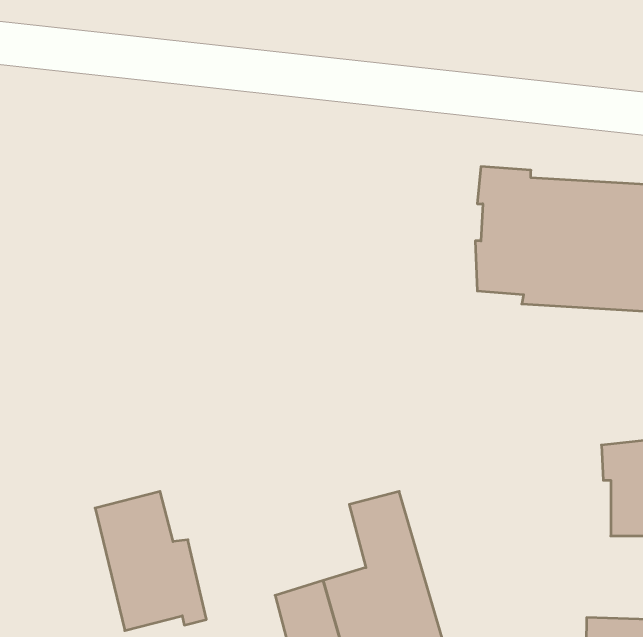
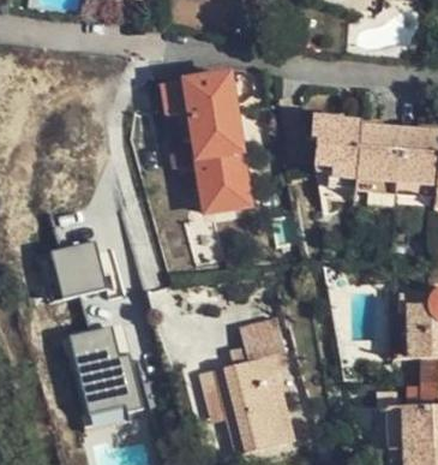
building: none -> [158,71,245,214]
building: none -> [38,239,106,298]

